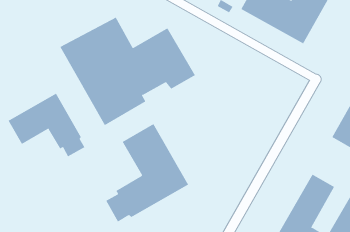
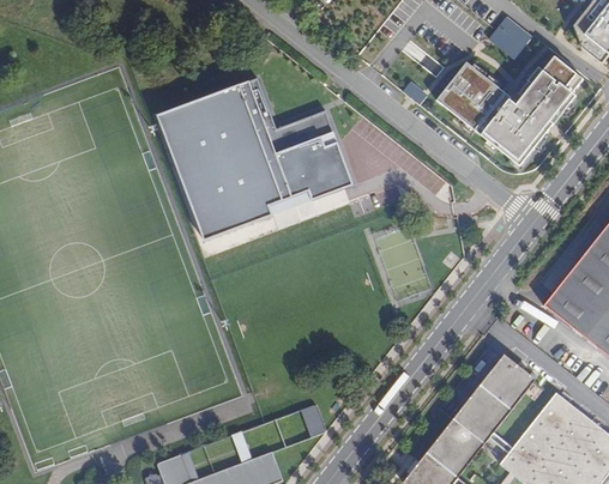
building: [8,93,85,157] -> none
building: [106,123,189,223] -> none

